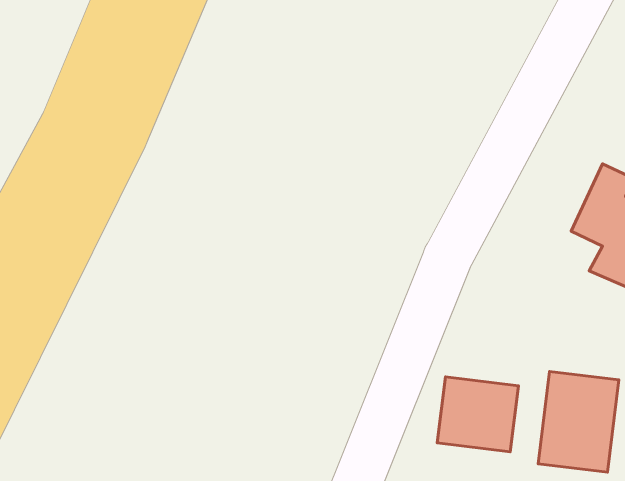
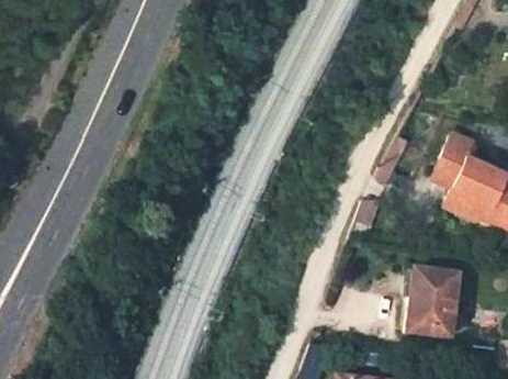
building: [437,377,519,452] -> none

